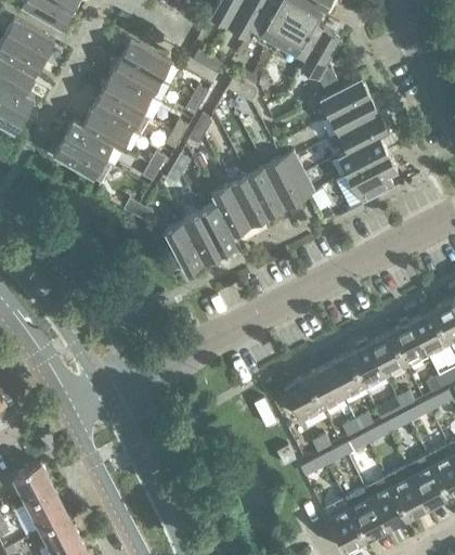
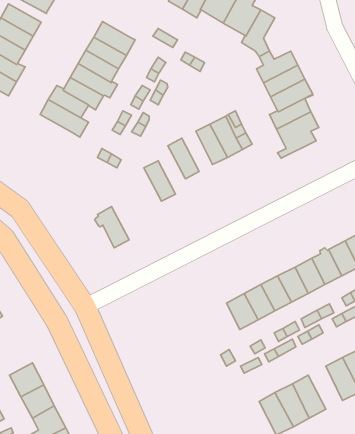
building: [226,177,264,227] -> none
building: [197,205,237,255] -> none
building: [159,222,201,273] -> [95,207,129,248]
building: [382,467,425,520] -> none

